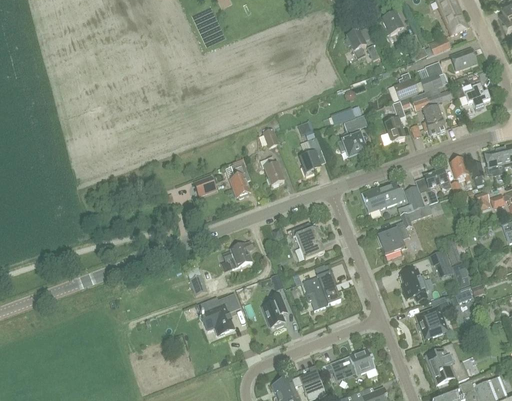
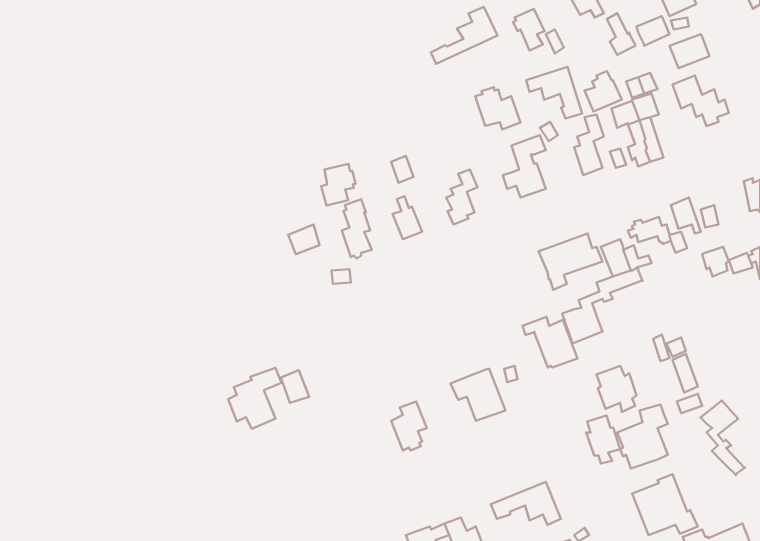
building: none -> [431,7,497,64]
building: none -> [526,67,582,119]
building: none -> [475,87,521,130]
building: none -> [321,164,356,206]
building: [484,146,504,174] -> none
building: [287,224,324,258] -> [523,317,578,367]
building: [222,241,253,269] -> none
building: none -> [701,401,745,475]
building: [202,294,238,335] -> [228,368,282,429]
building: none -> [586,415,620,463]

